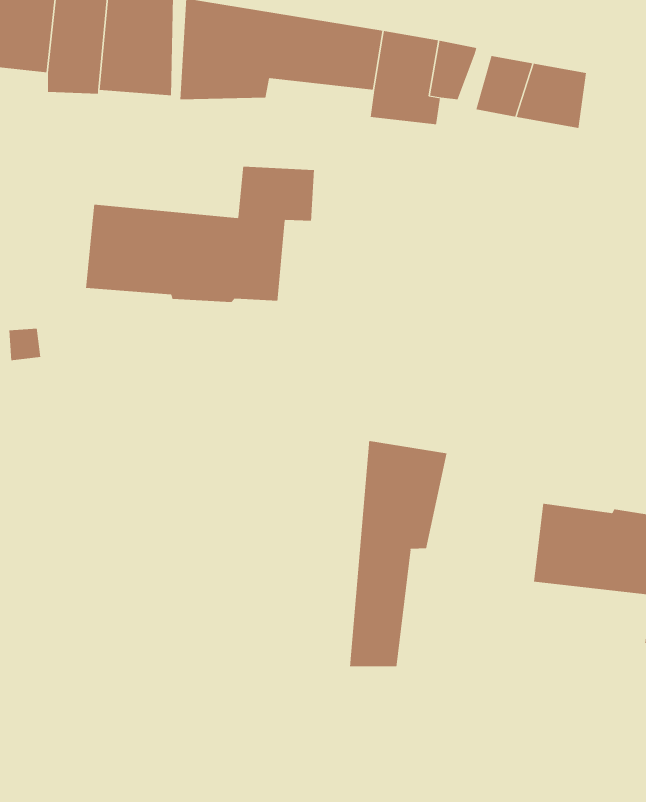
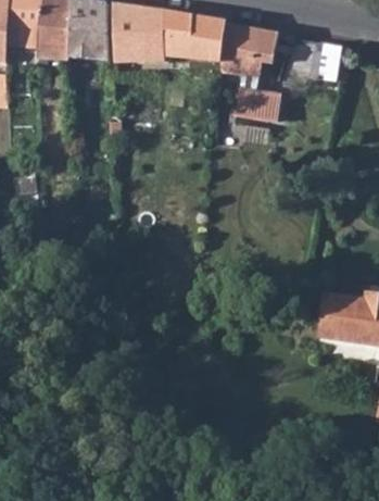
building: none -> [235,89,278,118]
building: [85,166,314,303] -> none
building: [349,440,447,667] -> none

